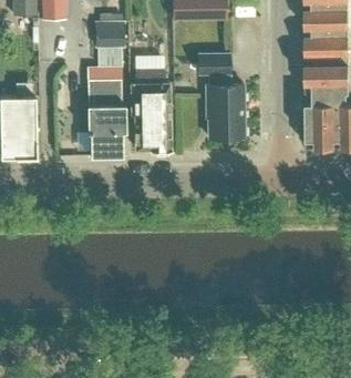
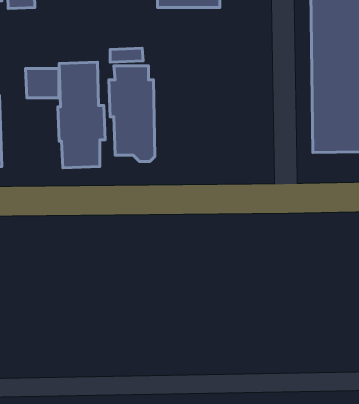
building: [95,21,124,47] -> [26,69,59,98]
building: [198,51,244,137] -> none

